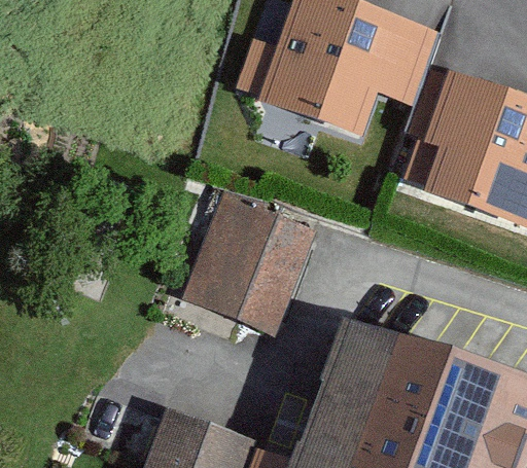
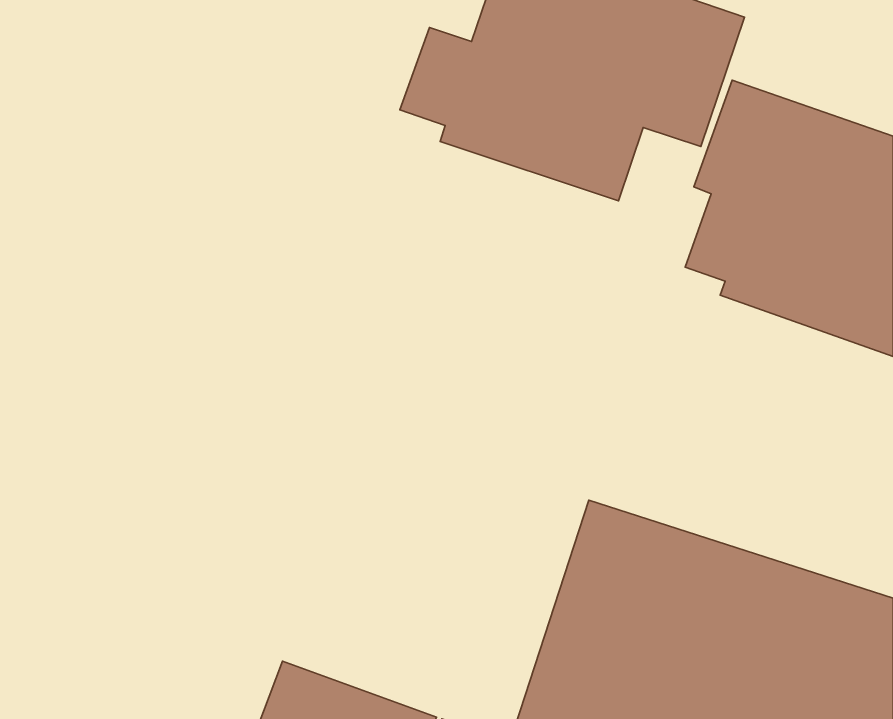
building: [180,192,318,333] -> none

